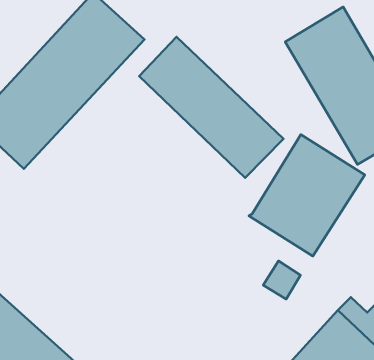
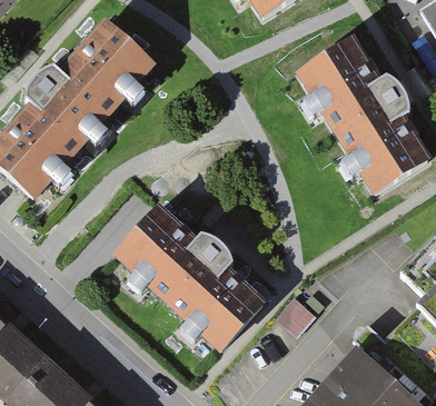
building: [139,37,284,178] -> none
building: [249,134,365,256] -> none
building: none -> [113,200,267,350]

